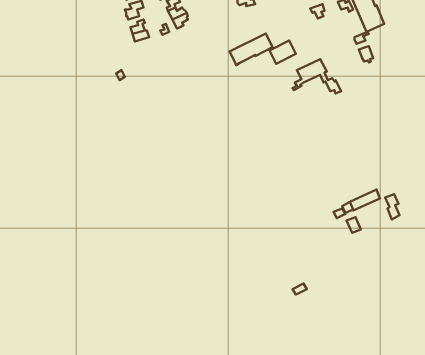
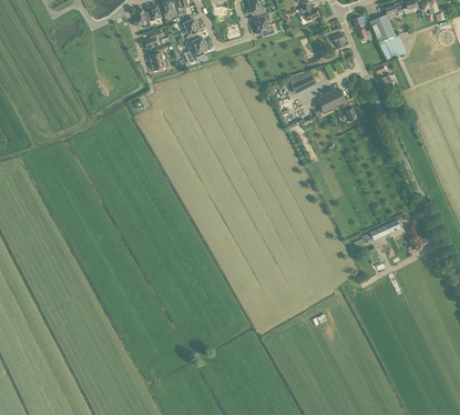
building: [230,33,273,65] -> none

